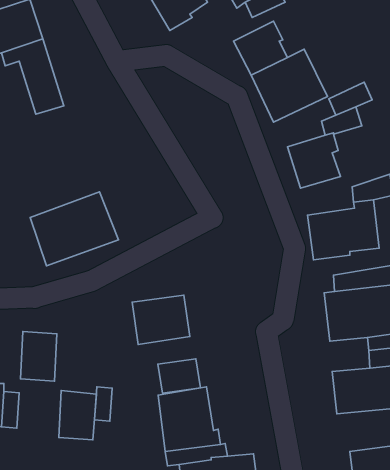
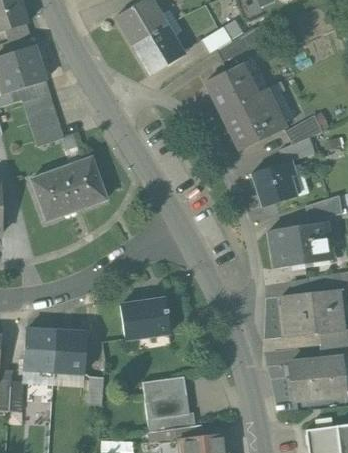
building: [30,192,118,266] -> [31,156,106,219]
building: [158,359,200,393] -> none
building: [59,391,96,440] -> [54,330,86,372]

